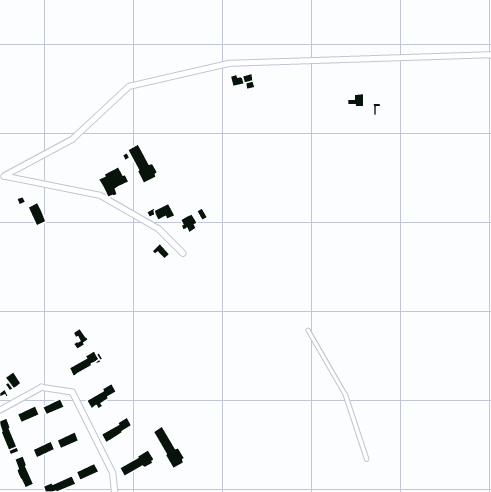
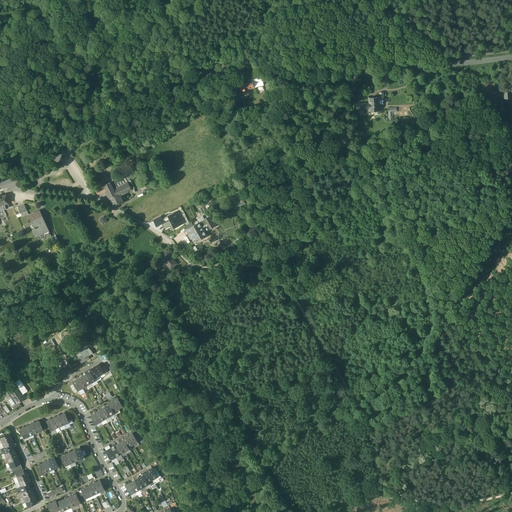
building: [127,144,158,184] -> none
building: [153,426,185,469] -> none

